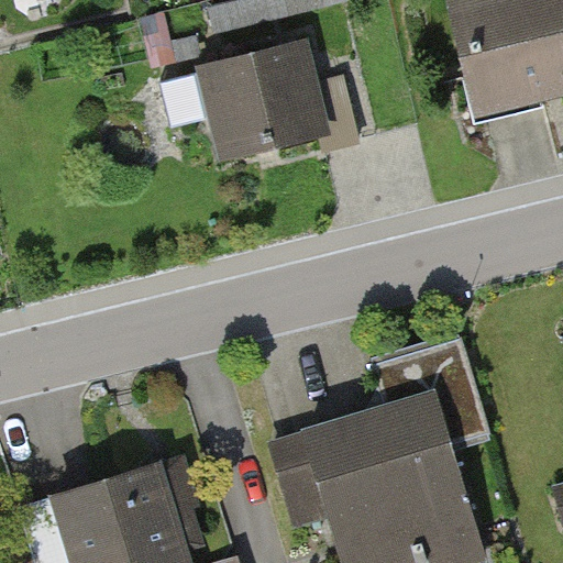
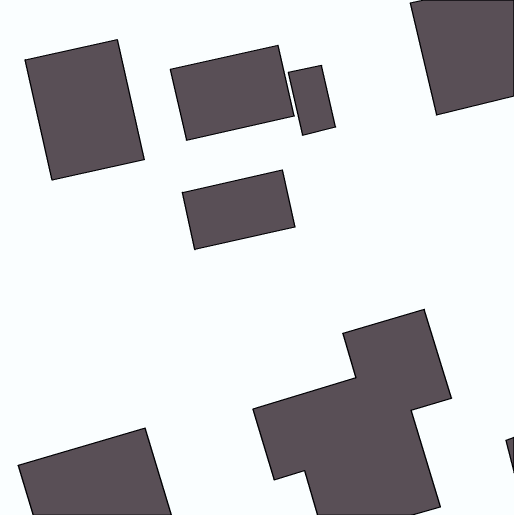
building: none -> [25,40,144,180]
building: none -> [182,170,295,250]

